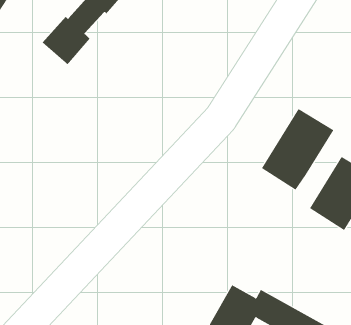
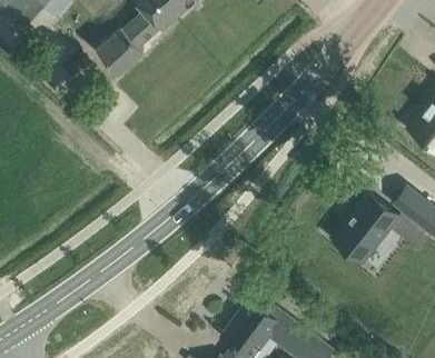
building: [261,108,334,191] -> none

